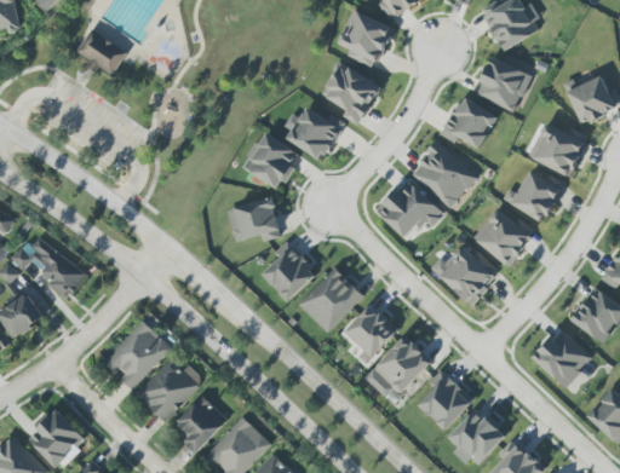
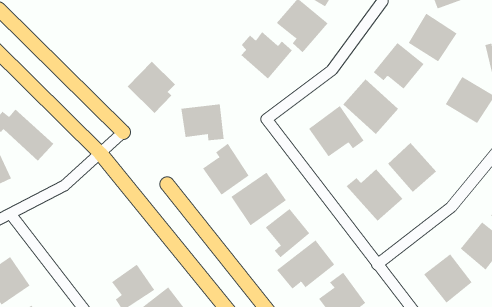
building: [242,131,298,191] -> [127,61,176,114]
building: [504,171,563,223] -> none
building: [103,321,173,388] -> none
building: [137,358,201,422] -> none

